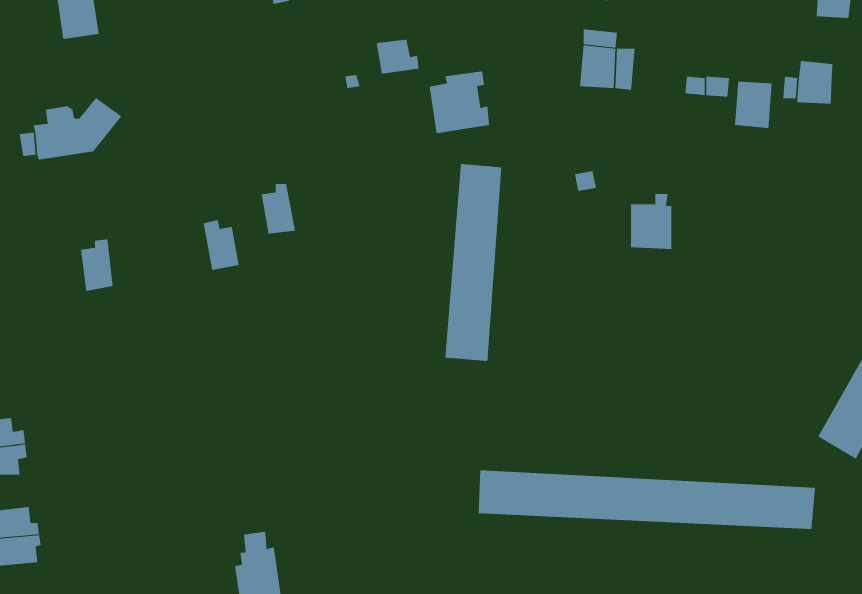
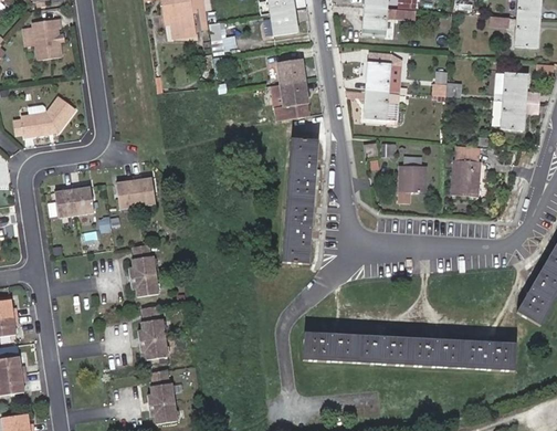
building: [376,39,420,74] -> [278,61,306,83]
building: [734,81,773,129] -> [502,99,526,129]
building: none -> [365,90,400,118]
building: [261,184,296,234] -> [113,176,135,208]
building: none -> [451,159,481,196]
building: none -> [70,183,92,216]
building: none -> [132,243,162,296]
building: none -> [141,305,171,357]

